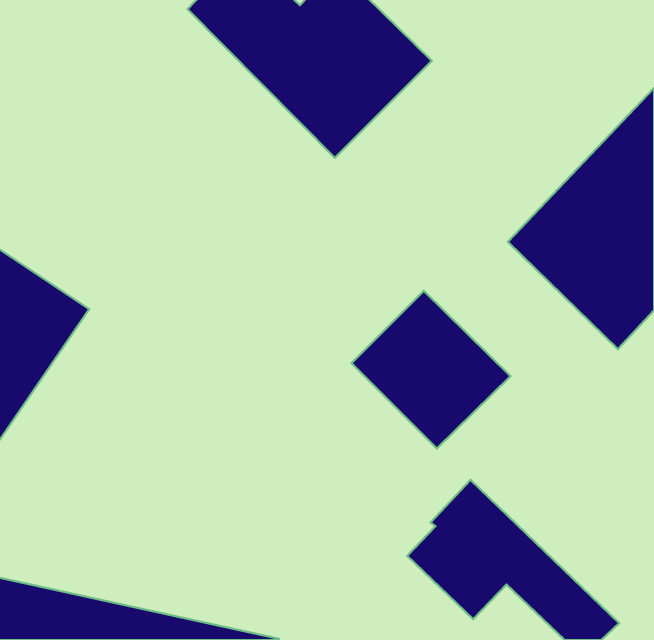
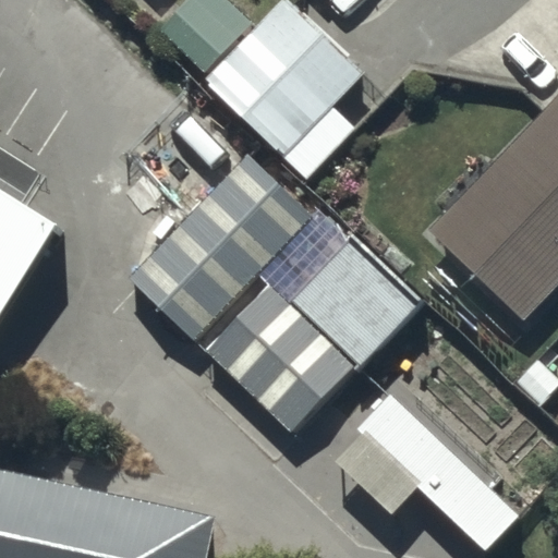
building: none -> [133,159,317,345]
building: none -> [211,291,360,437]

